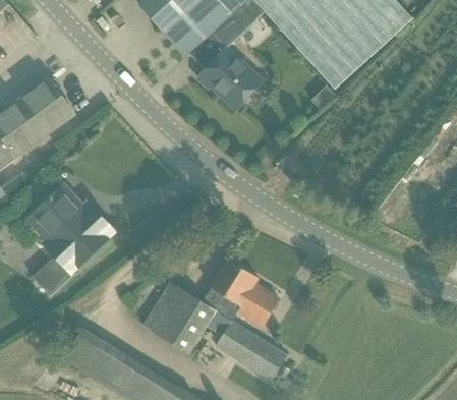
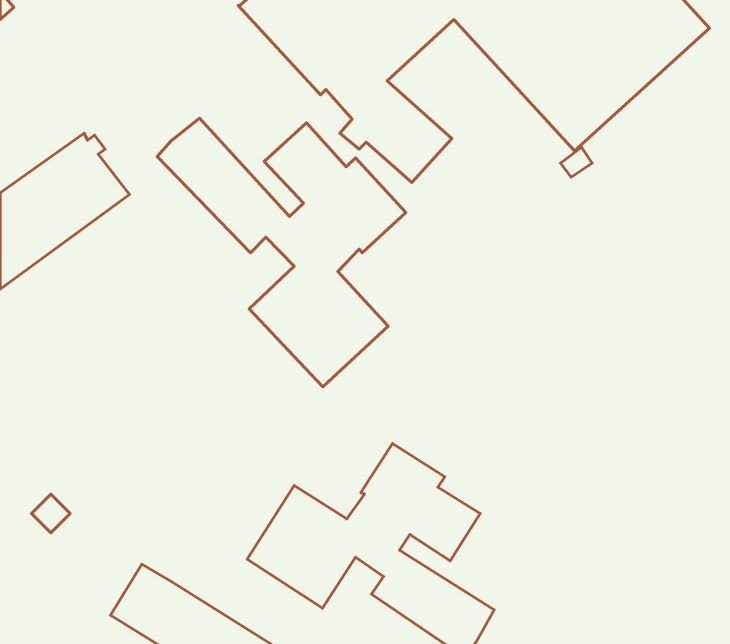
building: none -> [157,118,406,387]
building: [32,188,114,294] -> none

